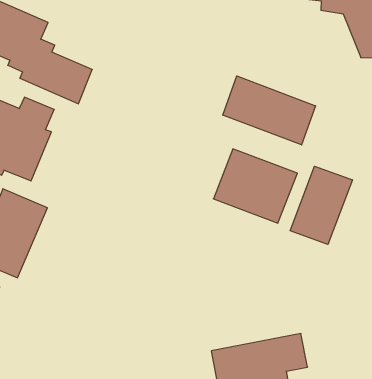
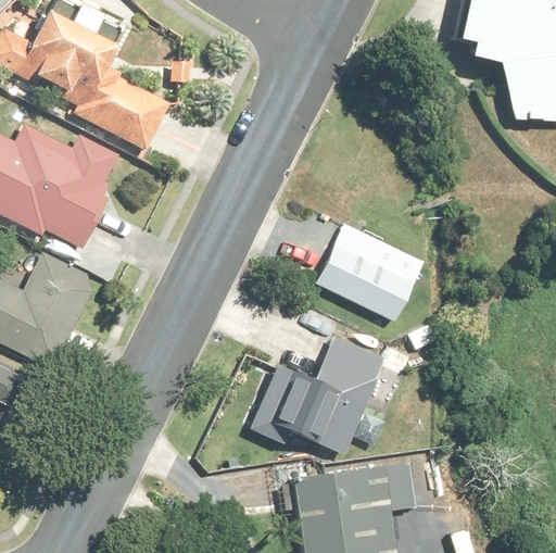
building: [223,76,316,145] -> none
building: [290,166,352,244] -> none
building: none -> [253,321,408,450]

